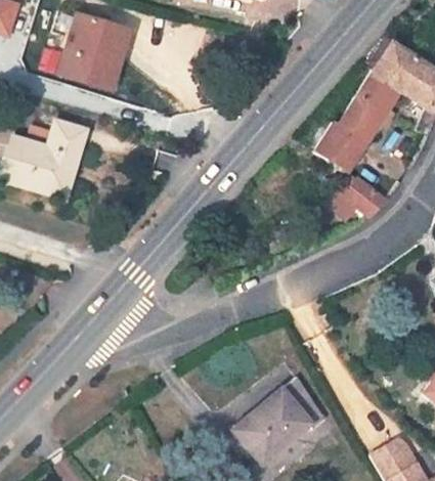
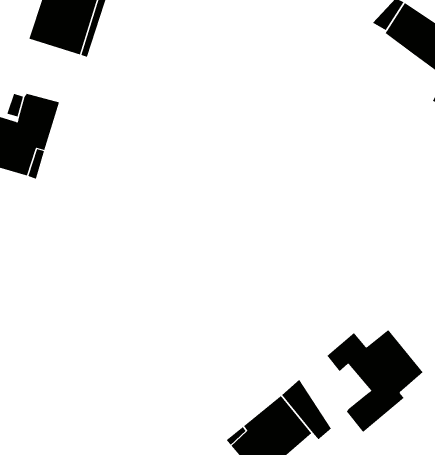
building: [316,68,401,171] -> none
building: [327,176,389,218] -> none
building: none -> [327,329,424,433]

